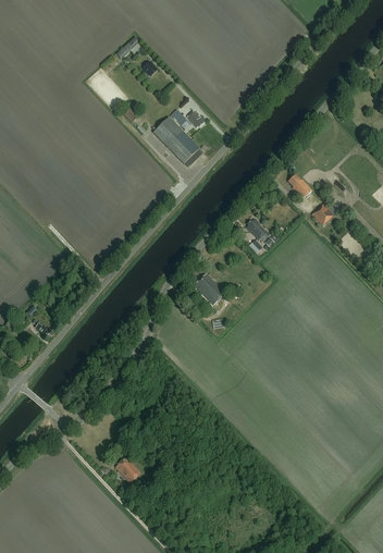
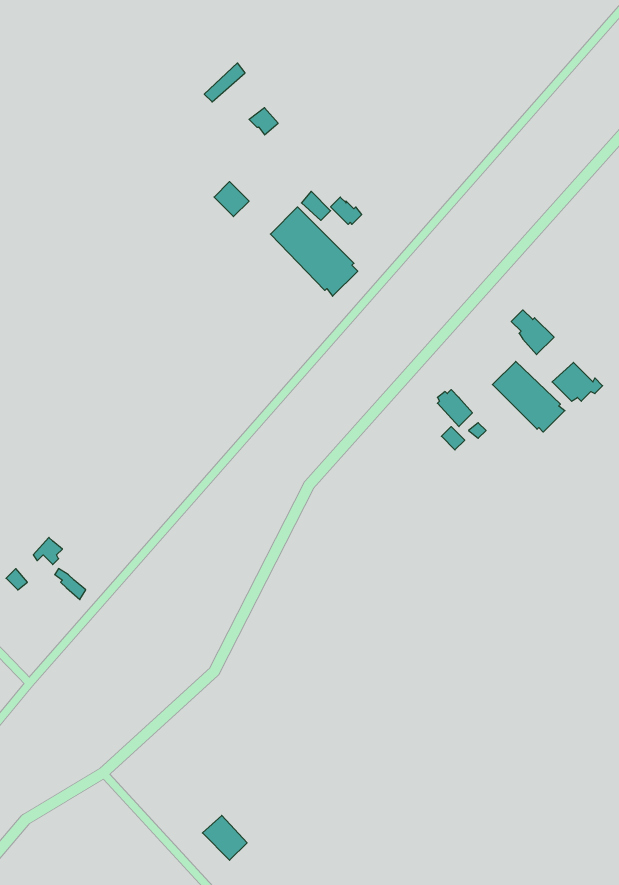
building: none -> [492,361,565,432]
building: [195,273,226,305] -> none

